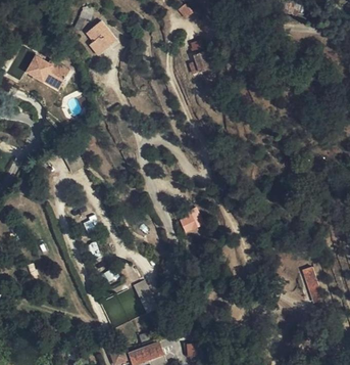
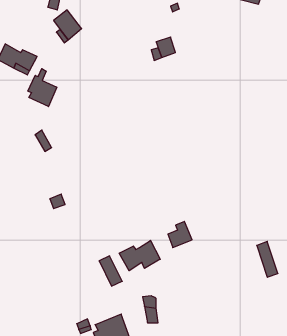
building: none -> [28,69,57,107]
building: [178,206,203,233] -> [168,221,192,248]
building: none -> [119,240,160,271]

